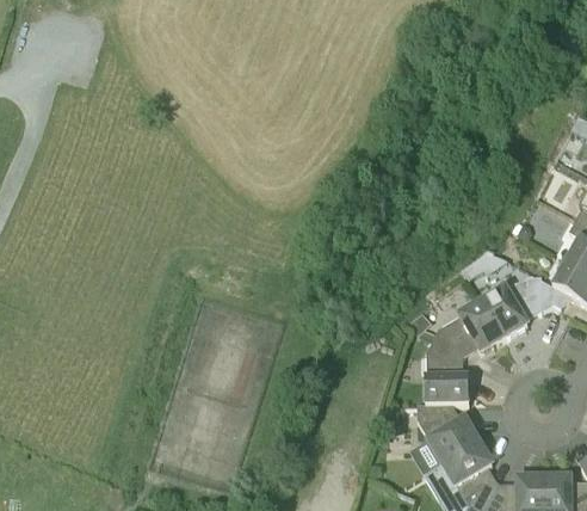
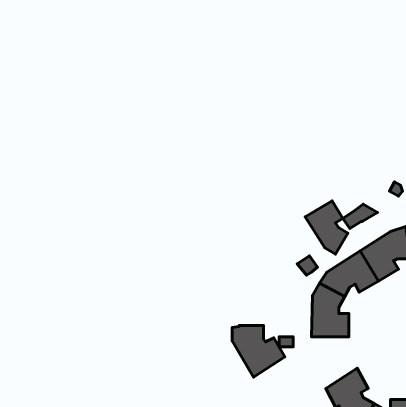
building: none -> [305,201,348,254]
building: [416,404,478,464] -> [232,326,285,377]

